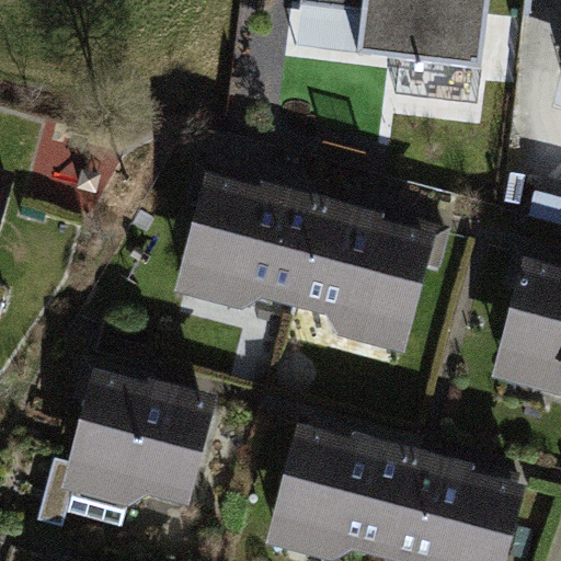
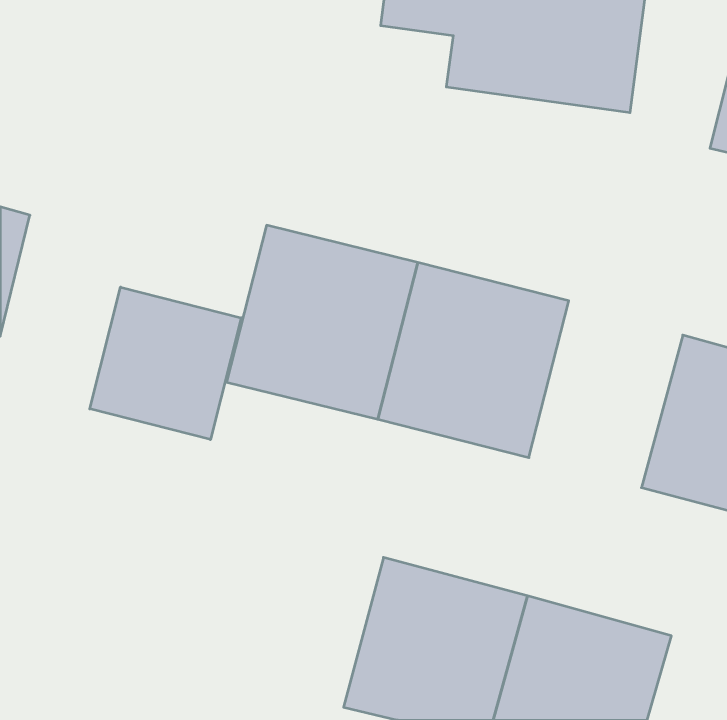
building: none -> [90,287,241,440]
building: [59,367,211,514] -> none

